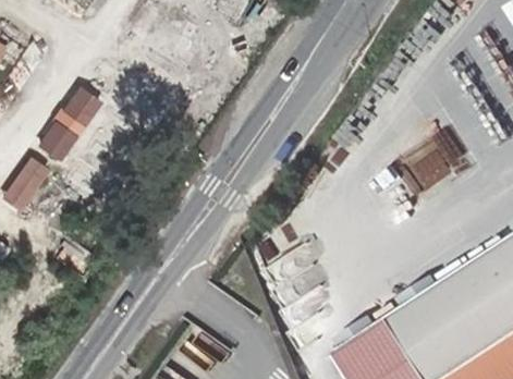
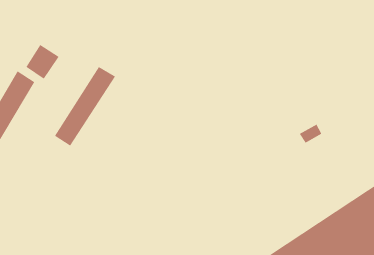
building: none -> [54,66,116,147]

